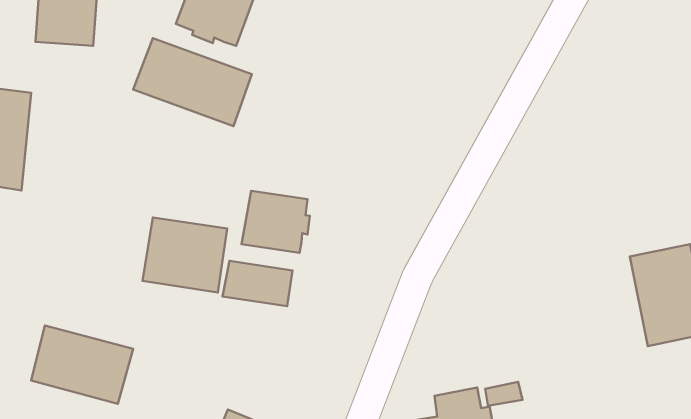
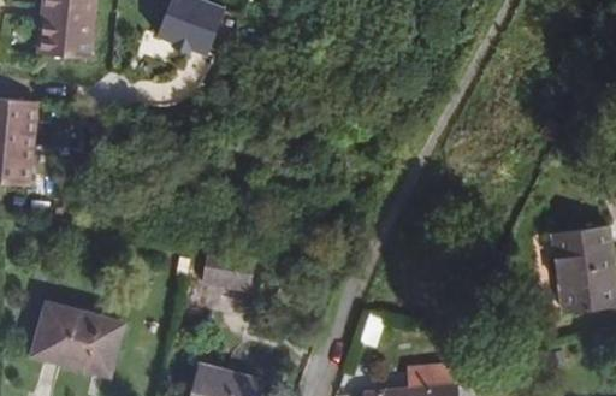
building: [133,38,252,126] -> none
building: [242,191,310,253] -> none
building: [142,218,227,292] -> none

